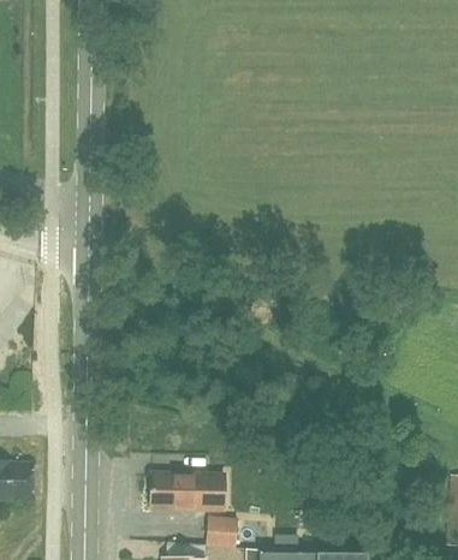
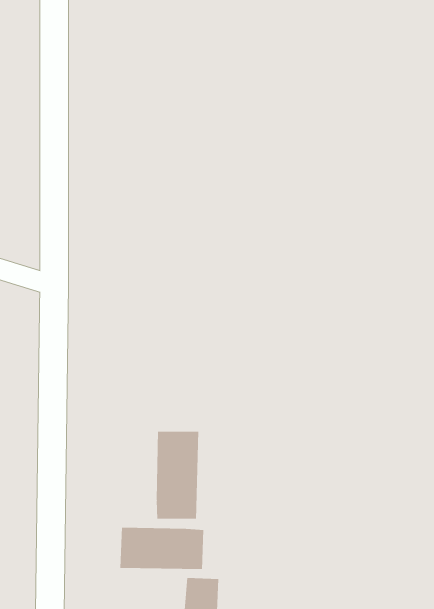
building: none -> [156,431,199,519]

